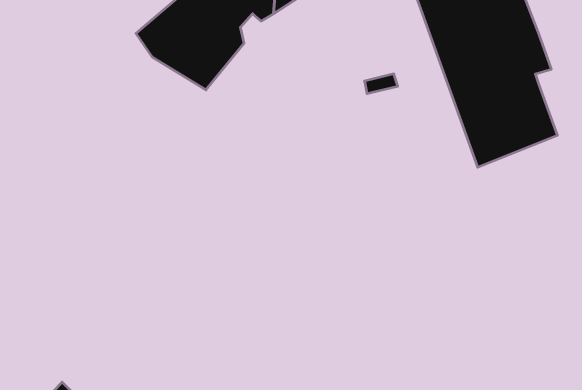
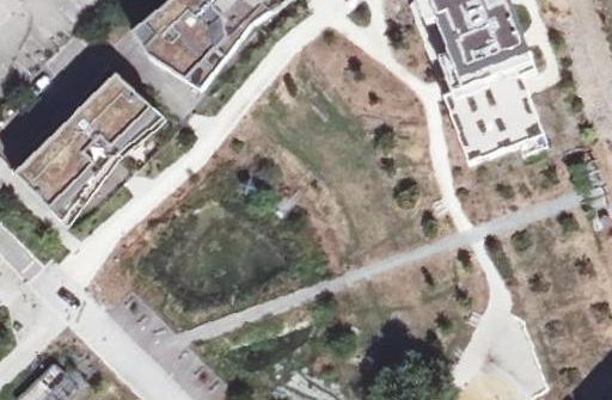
building: none -> [13,67,169,227]

